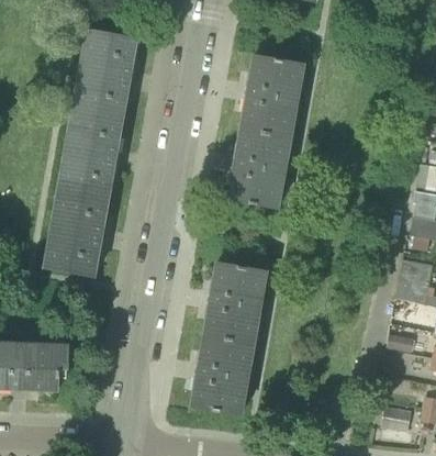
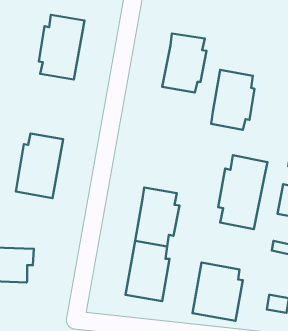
building: [60,110,122,198] -> none
building: [228,127,287,208] -> [211,70,254,130]
building: none -> [218,155,268,229]
building: none -> [193,263,243,321]

